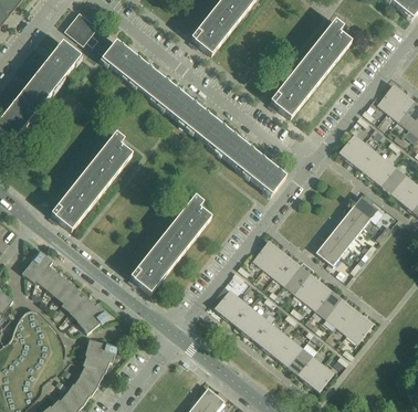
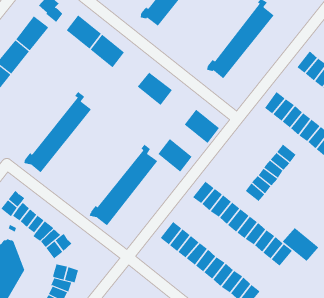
building: [157,85,200,126] -> none
building: [215,130,257,171] -> [157,138,192,172]
building: none -> [282,227,319,262]

